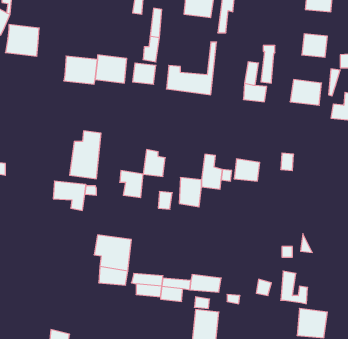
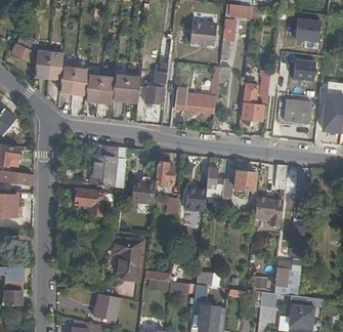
building: none -> [59,68,88,96]
building: none -> [255,198,283,227]
building: none -> [94,294,120,322]

